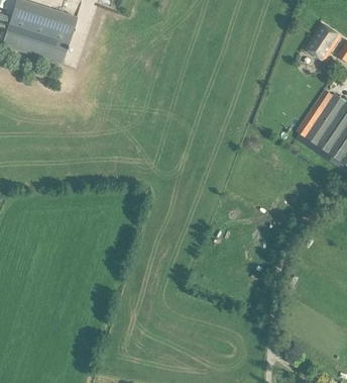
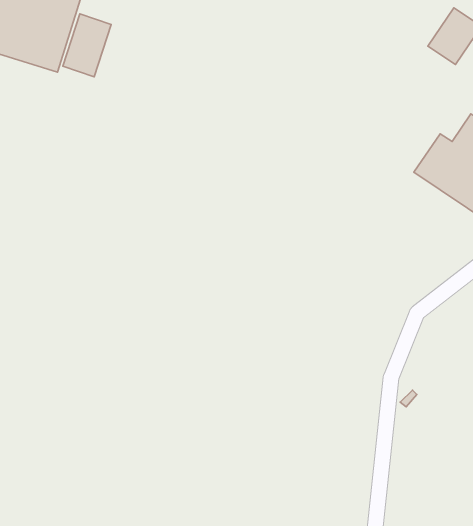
building: none -> [63,14,111,77]

